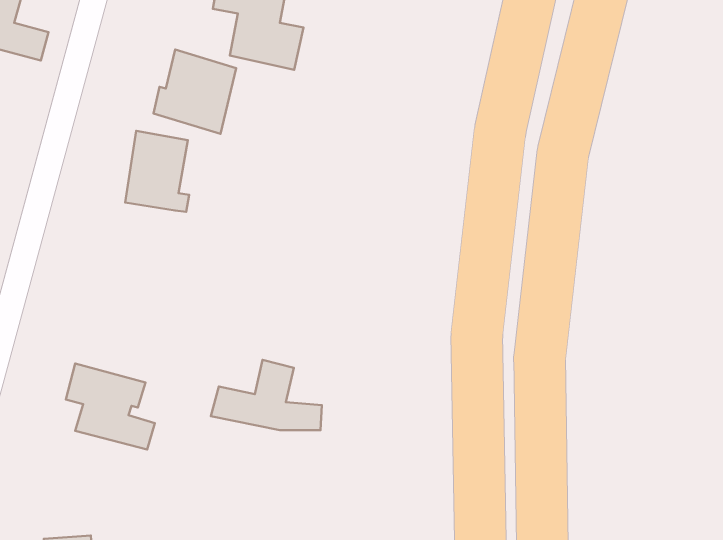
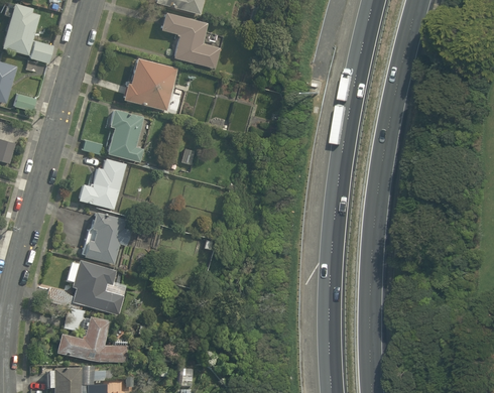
building: none -> [80,157,126,208]
building: none -> [84,210,133,263]
building: [211,360,322,430] -> [56,317,128,363]

